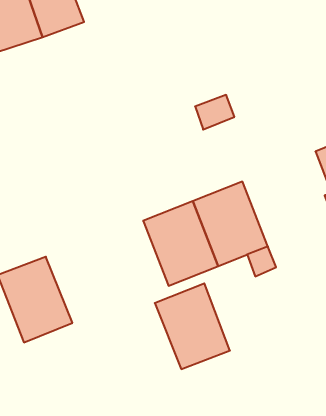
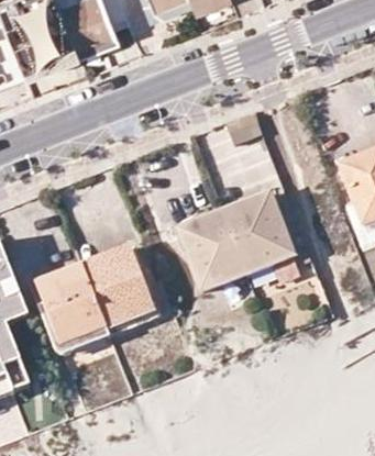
building: [155,283,230,369] -> [80,247,152,329]

